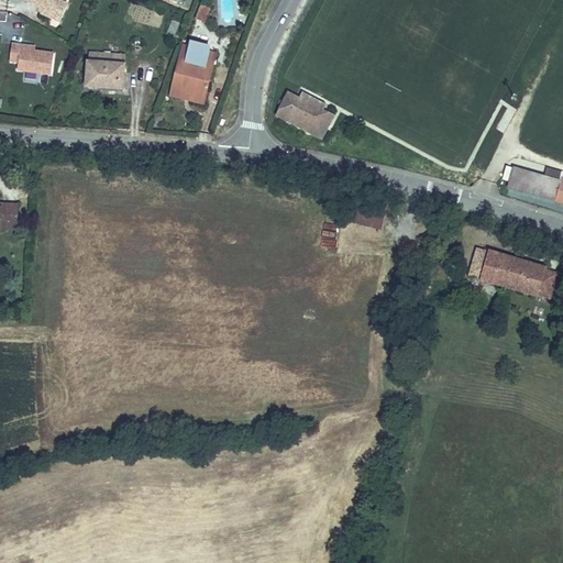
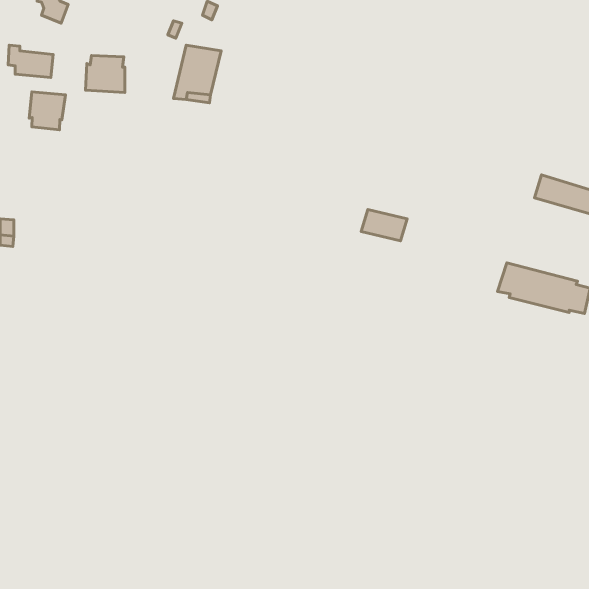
building: none -> [29,92,65,130]
building: [278,90,335,136] -> none

